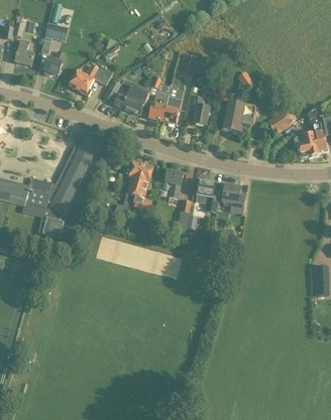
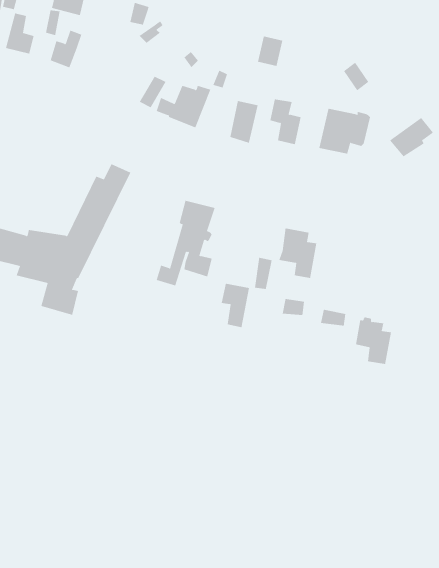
building: [70,63,113,93] -> none
building: [148,90,169,120] -> none
building: [164,168,184,197] -> [221,283,250,328]
building: [222,182,246,214] -> [355,317,392,365]

